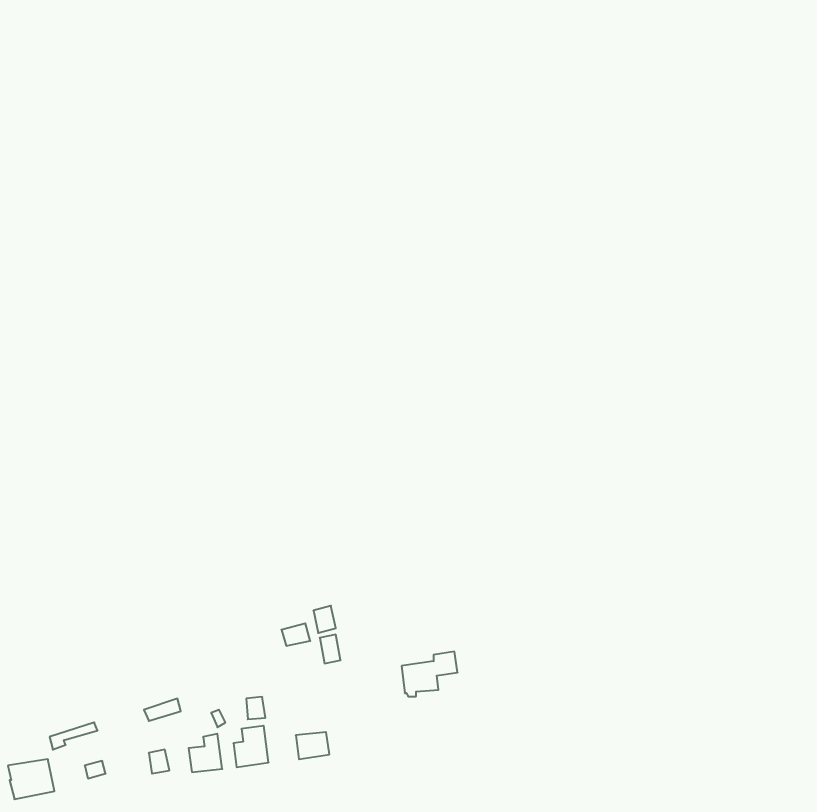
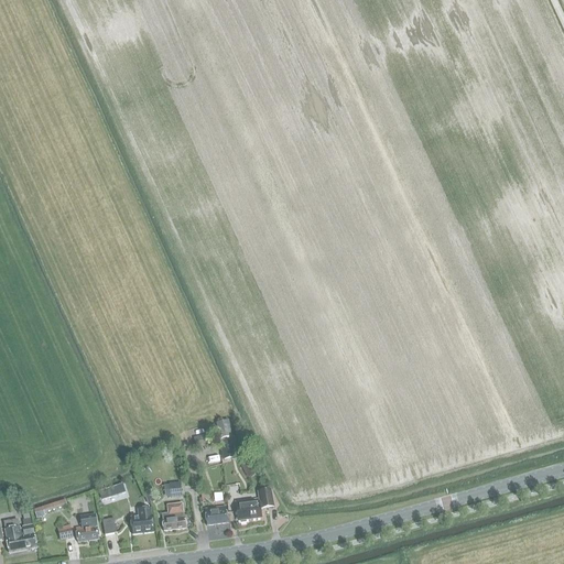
building: [402,652,458,696] -> [237,490,275,521]
building: none -> [76,512,99,540]

